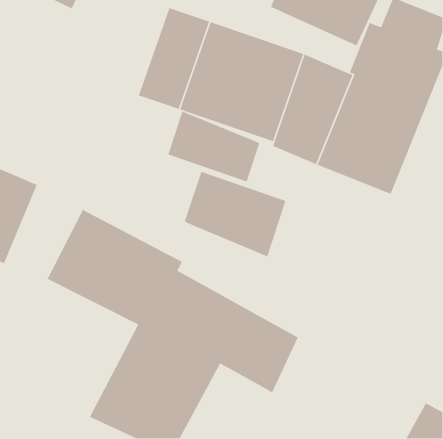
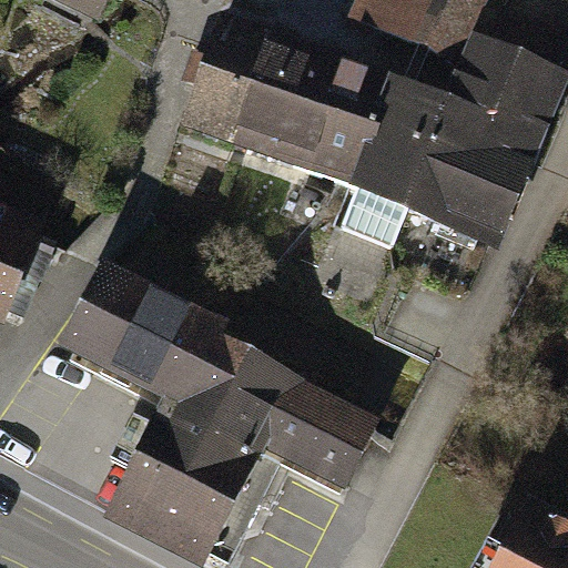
building: [167,111,260,182] -> none
building: [184,171,287,257] -> none

